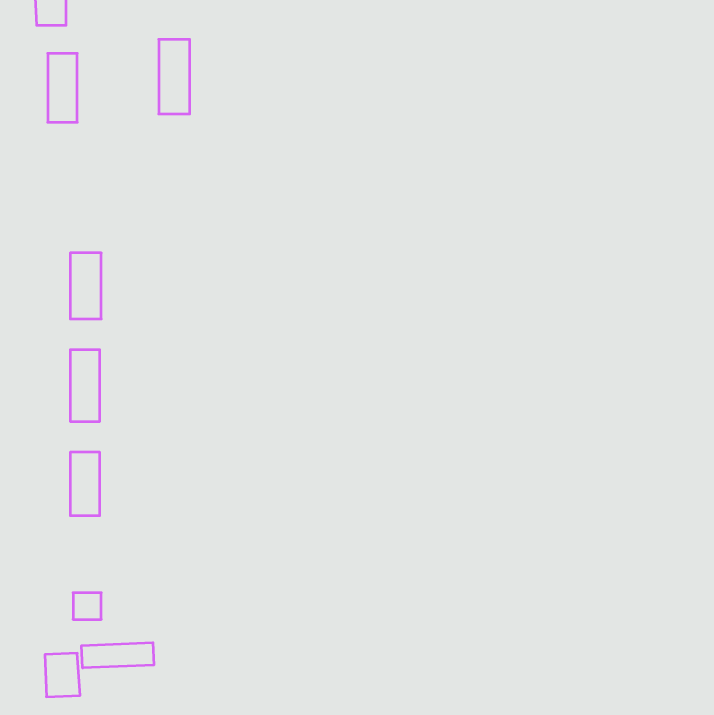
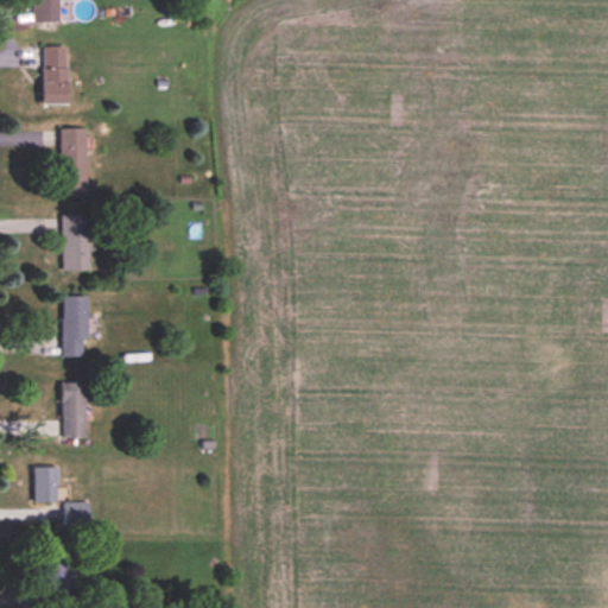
building: [159,39,190,114] -> [62,128,88,191]
building: none -> [36,466,59,501]
building: [82,643,154,668] -> none

